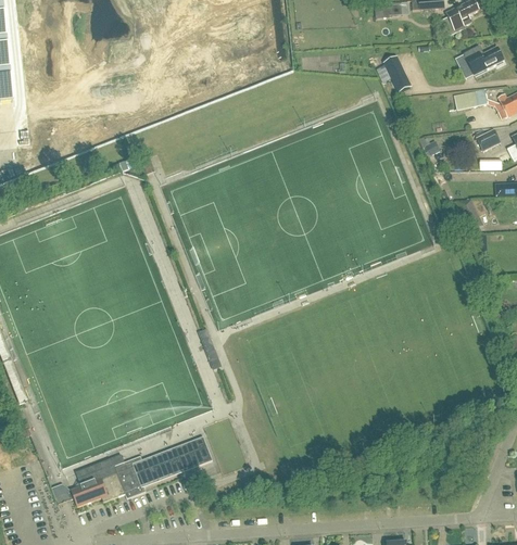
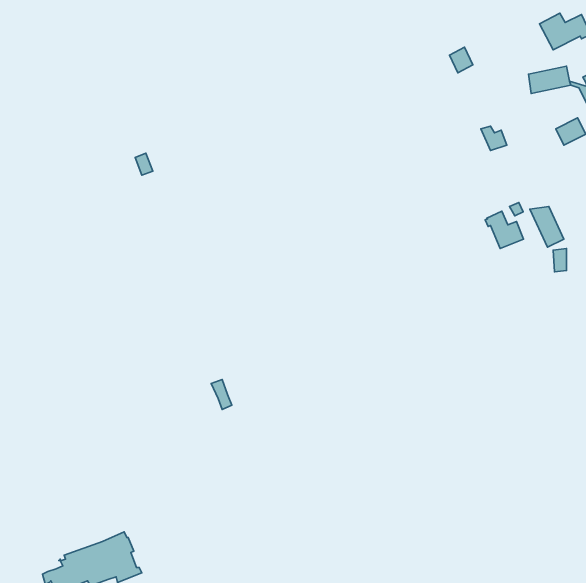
building: none -> [485,211,523,249]
building: [131,434,212,485] -> none

